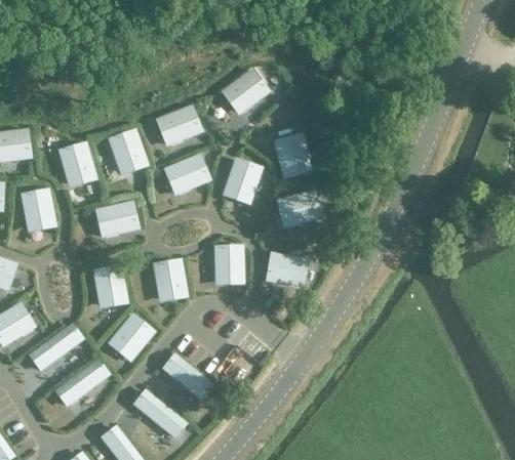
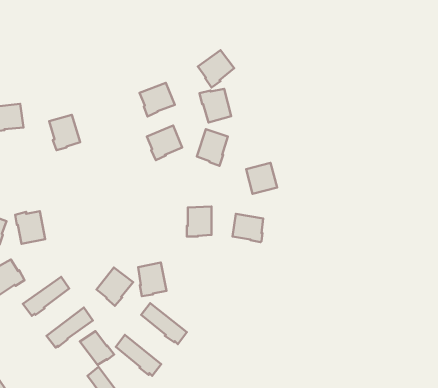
building: [109,129,145,170] -> none
building: [274,139,310,177] -> [199,89,231,122]
building: [21,190,54,226] -> [15,211,45,244]
building: [101,202,137,236] -> none
building: [154,259,186,297] -> [138,263,166,296]
building: [94,265,125,303] -> none
building: none -> [80,331,114,365]

